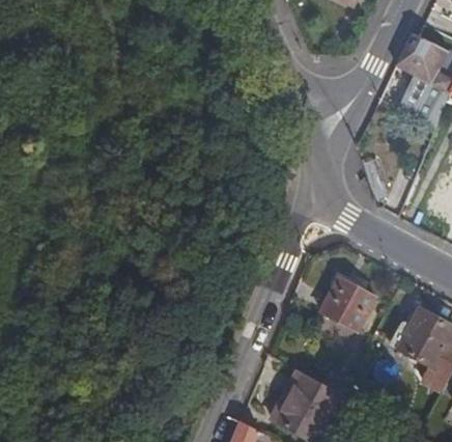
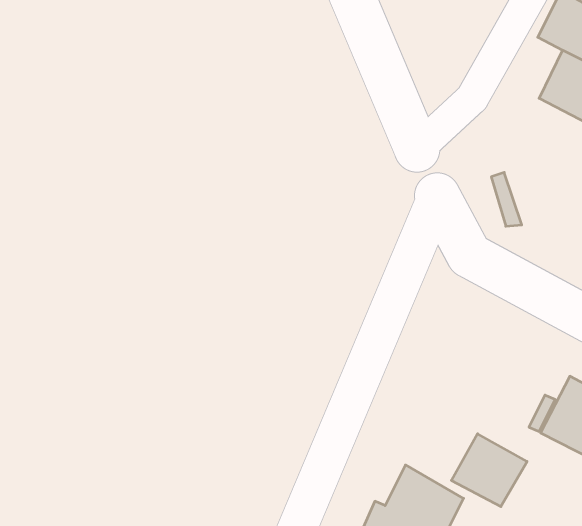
building: [322,276,376,328] -> [451,434,527,507]

